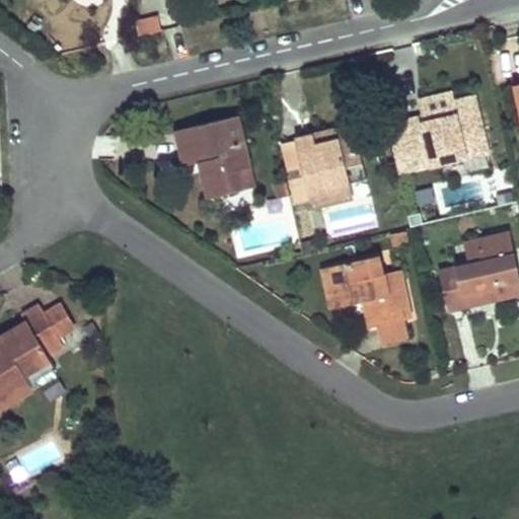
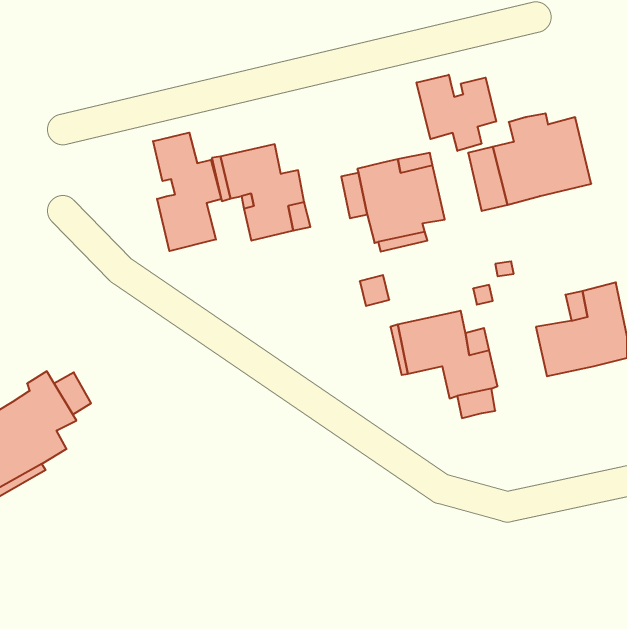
building: none -> [417,75,496,151]
building: none -> [153,133,221,251]

